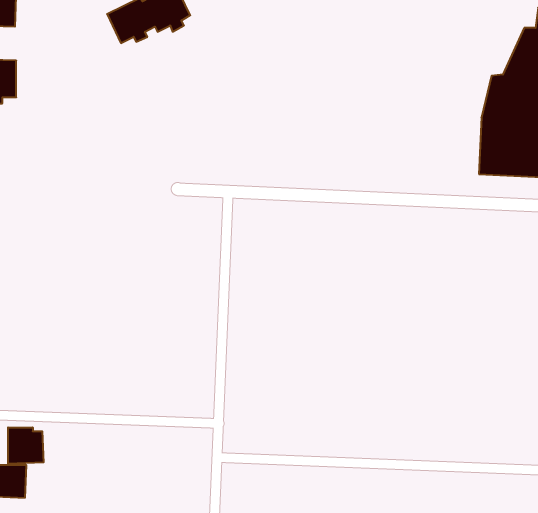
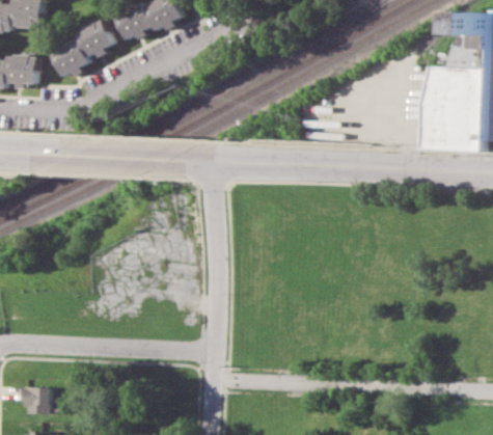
building: none -> [55,18,119,76]
building: [8,427,44,464] -> none

